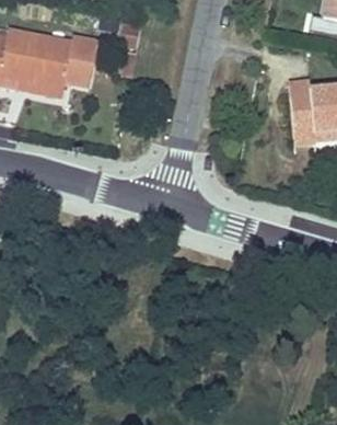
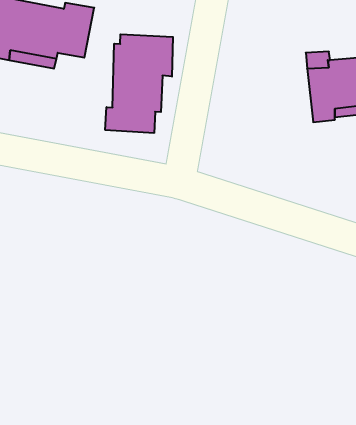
building: none -> [105,34,173,133]

